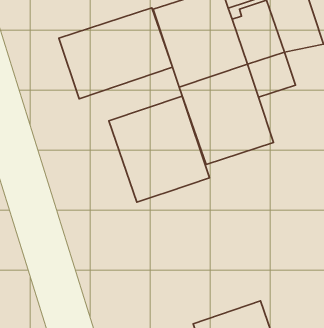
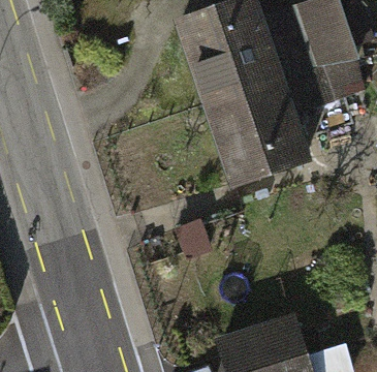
building: [59,8,172,99] -> none
building: [109,96,210,202] -> none

